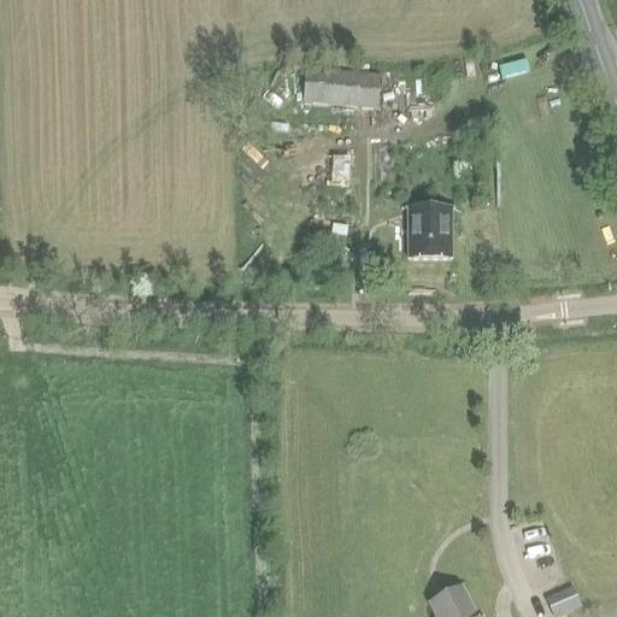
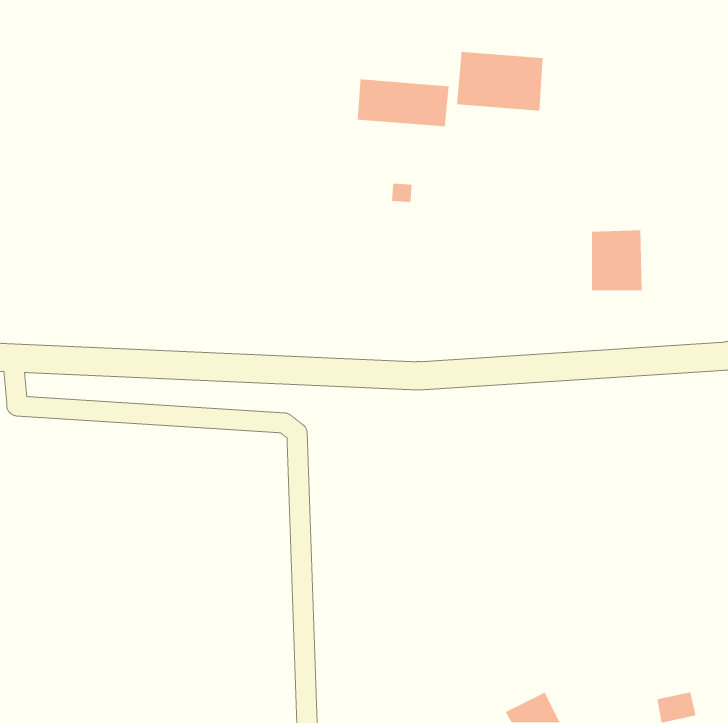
building: none -> [456,51,543,112]
building: [409,205,452,257] -> [591,230,643,291]

